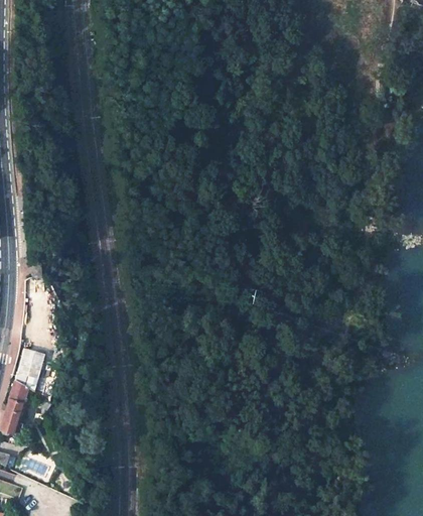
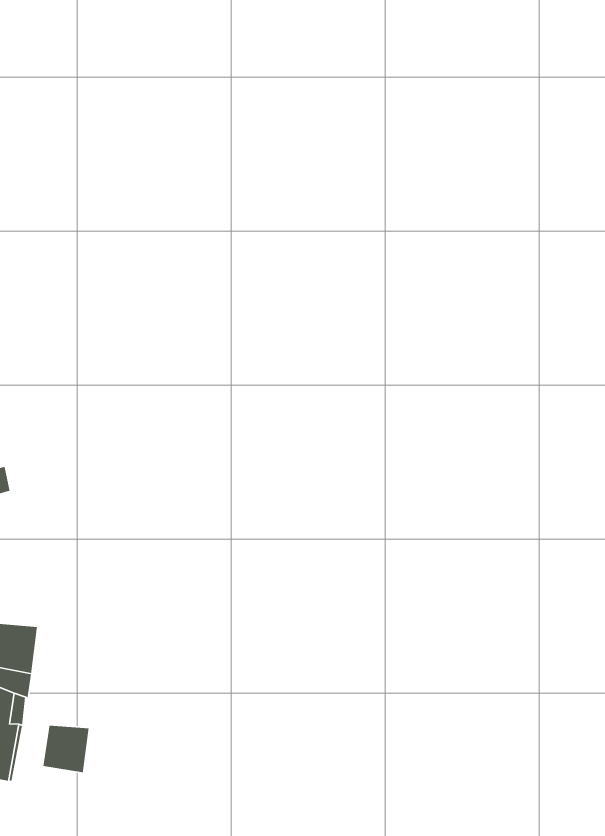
building: none -> [43,725,89,773]

